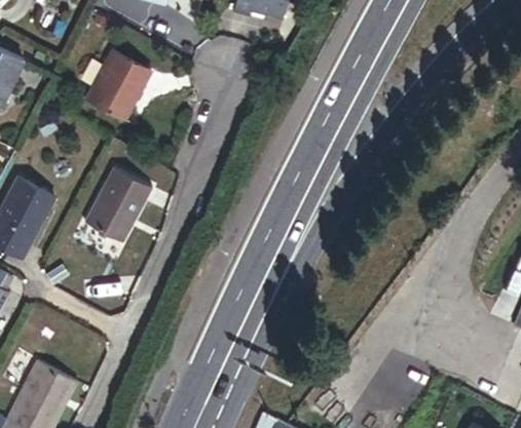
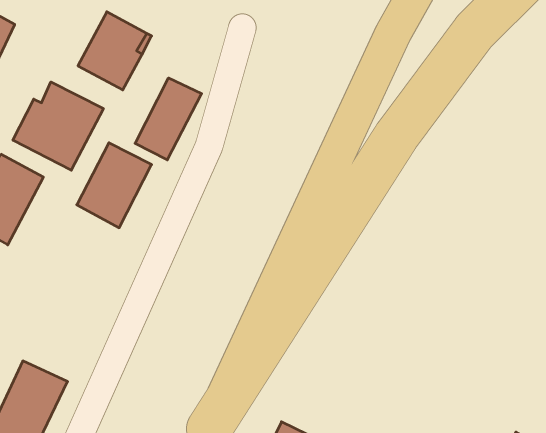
building: none -> [135,78,202,160]
building: none -> [13,82,103,170]

